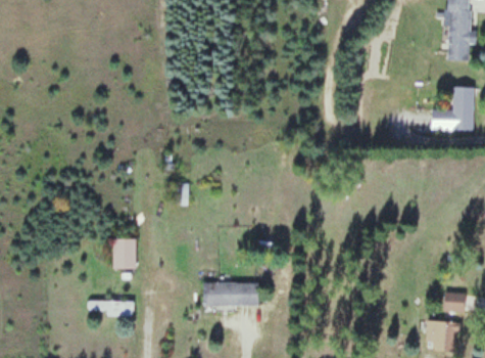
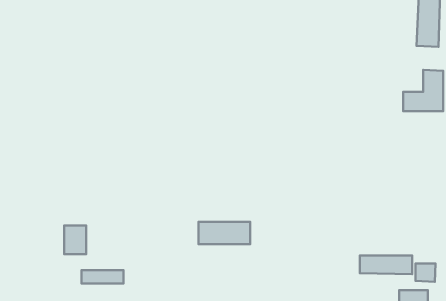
building: [112,239,136,270] -> [64,225,86,254]
building: [203,282,258,306] -> [199,222,250,244]
building: none -> [360,256,412,274]

